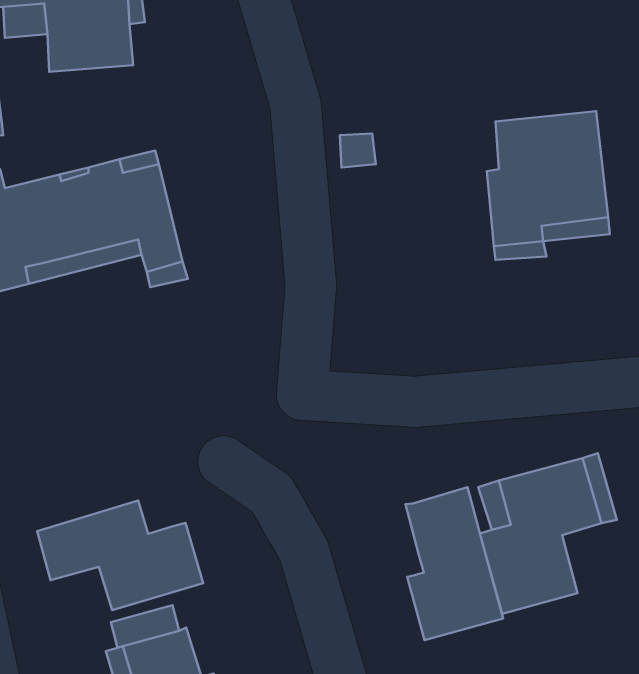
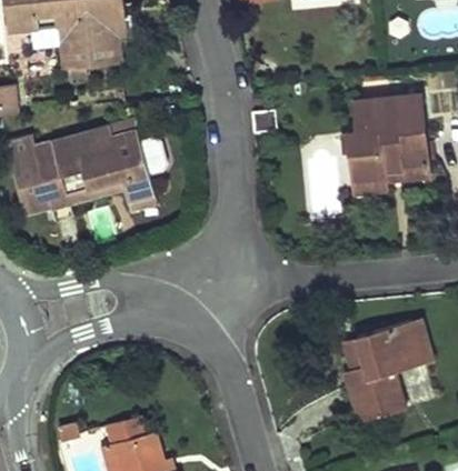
building: [405,487,503,640] -> none
building: [37,500,203,610] -> none

